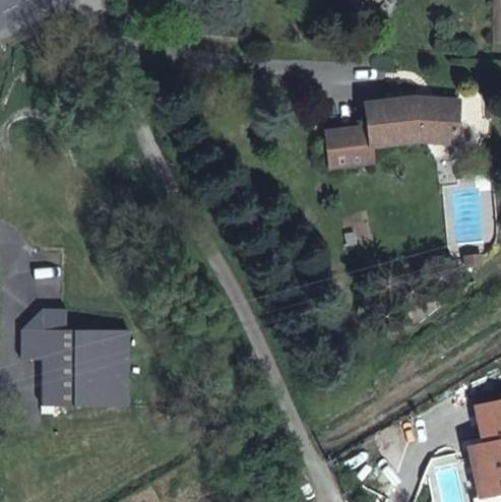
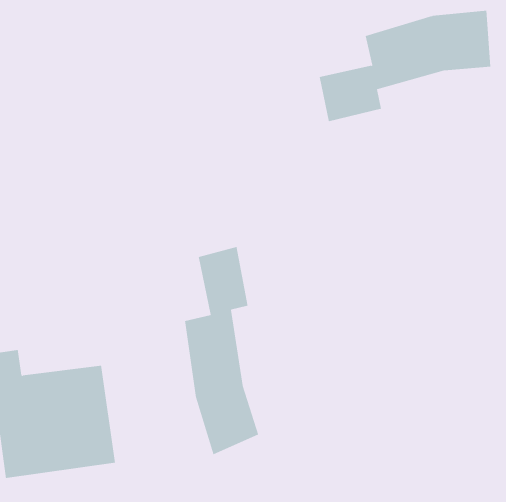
building: none -> [184,246,259,455]

